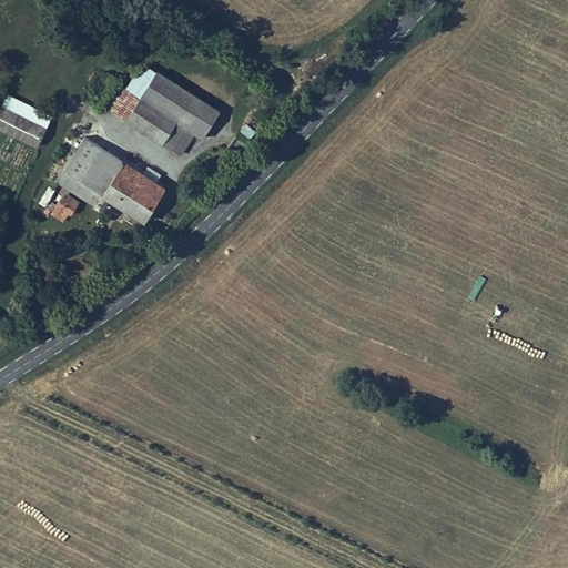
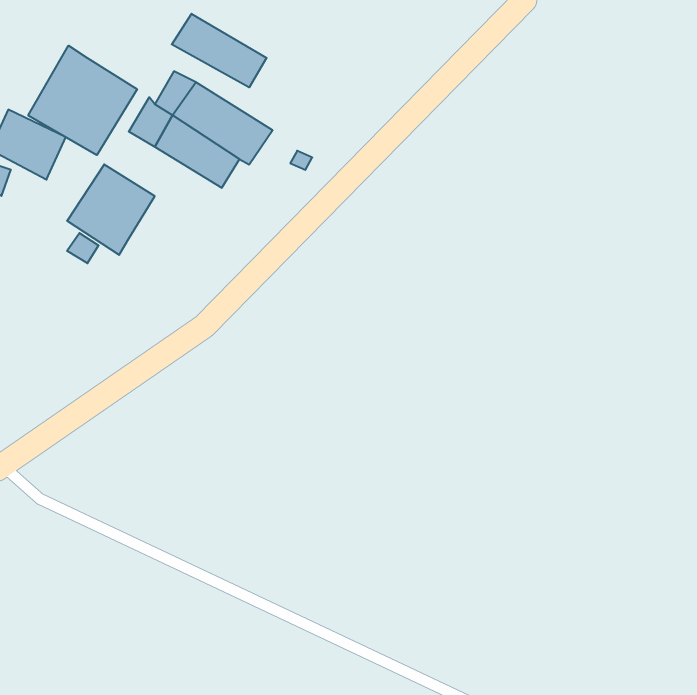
building: none -> [172,14,267,87]
building: none -> [28,46,137,155]
building: [104,163,166,224] -> none

